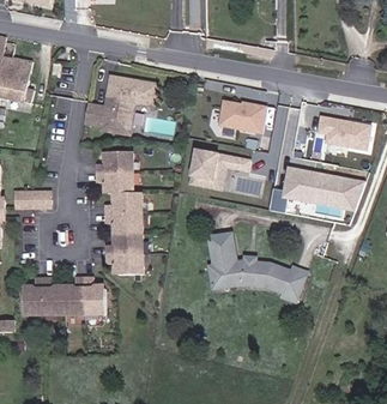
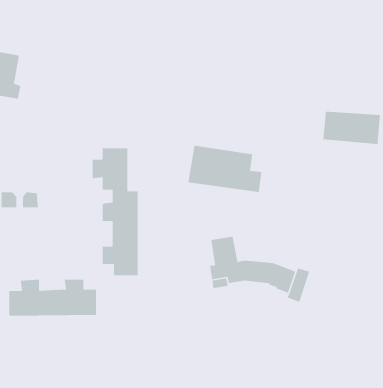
building: [83,77,156,134] -> none
building: [218,96,270,134] -> none
building: [268,164,367,212] -> none

